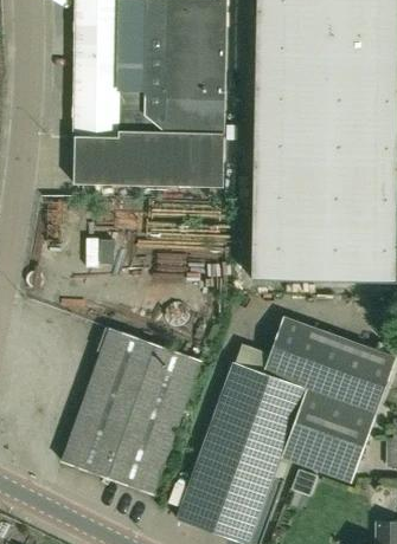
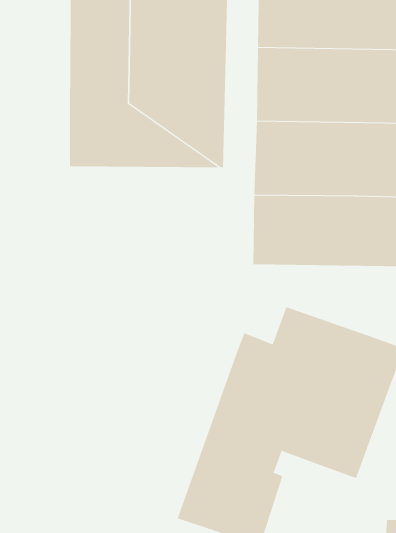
building: [62,326,201,493] -> none

